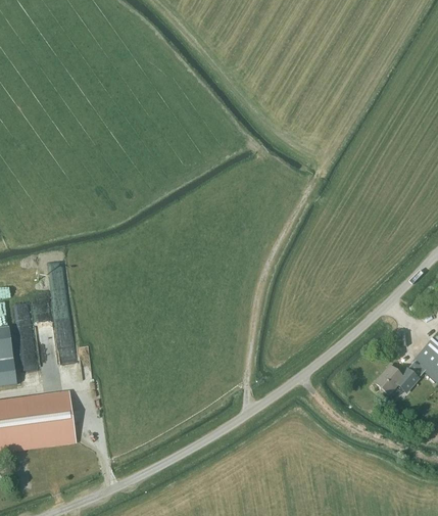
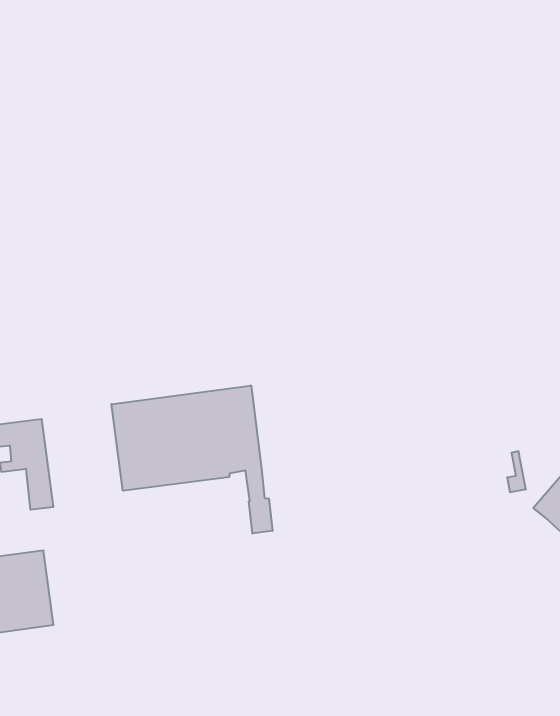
building: none -> [111,385,273,534]
building: [375,366,418,393] -> none

